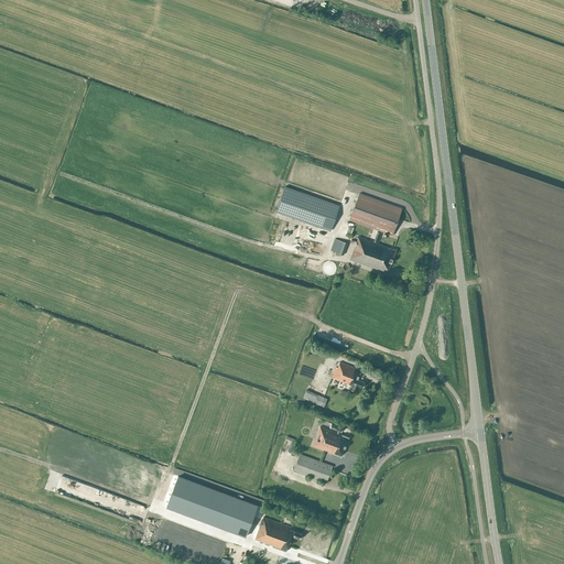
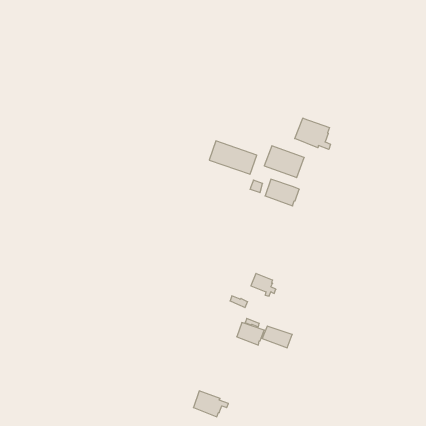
building: none -> [295,118,331,149]
building: [293,454,333,482] -> [262,326,292,348]
building: [166,476,257,535] -> none

